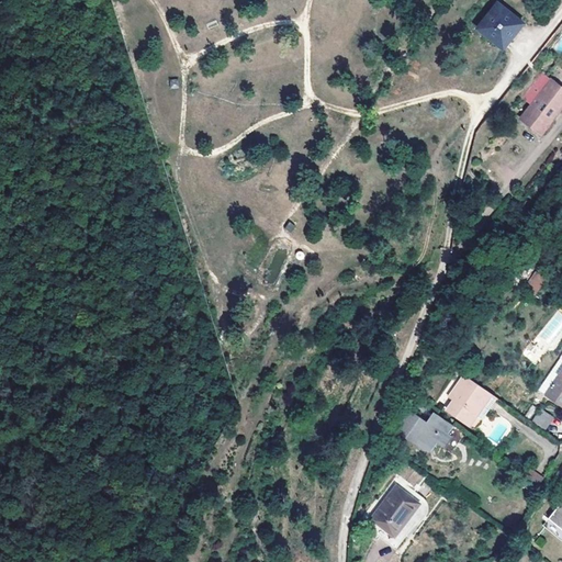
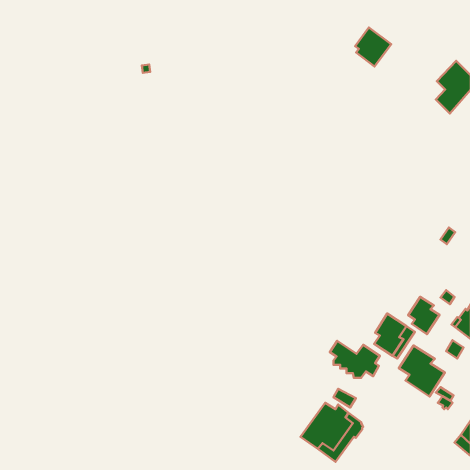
building: [479,8,521,54] -> [355,28,391,66]
building: none -> [408,297,439,334]
building: none -> [399,346,445,397]

